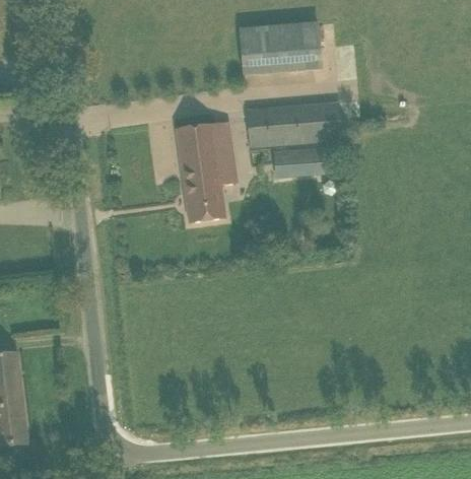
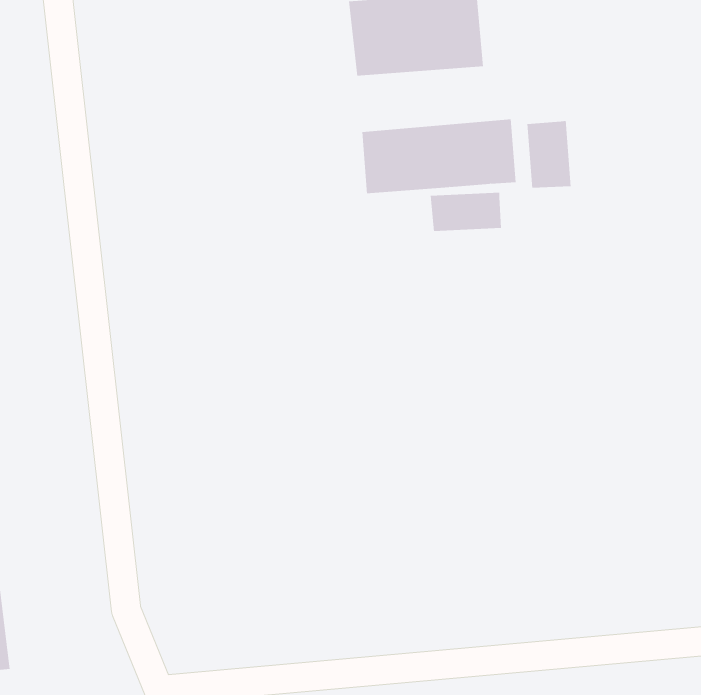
building: none -> [527,120,571,188]
building: [175,121,238,221] -> none

